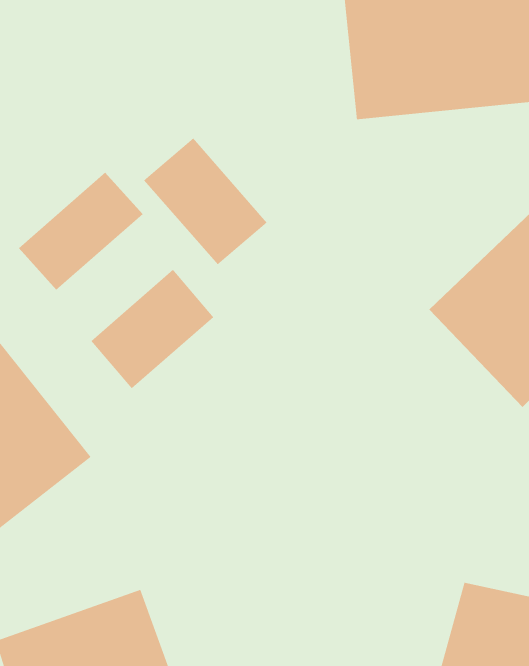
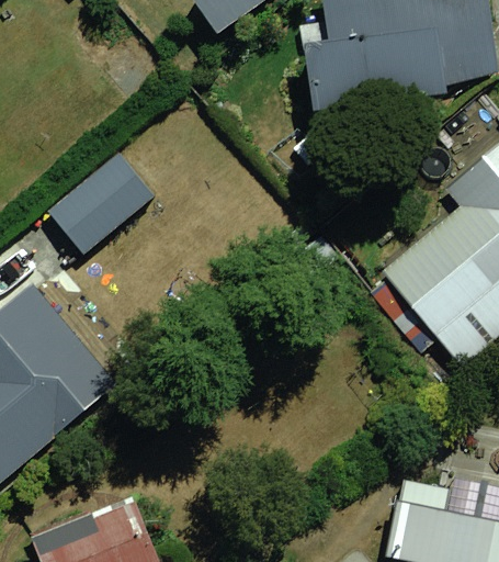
building: [143,138,268,265] -> none
building: [91,269,214,389] -> none

